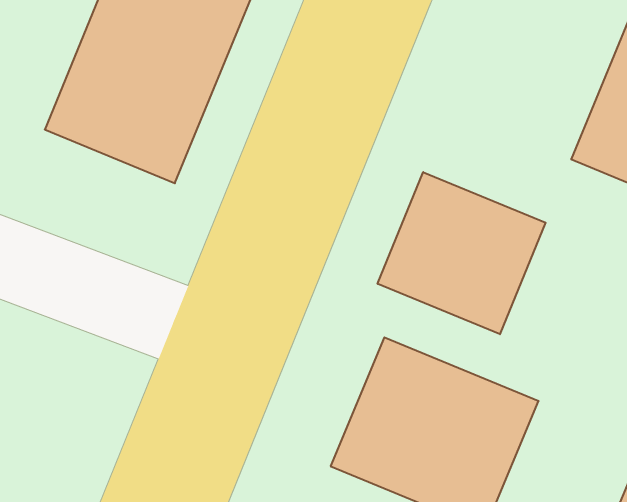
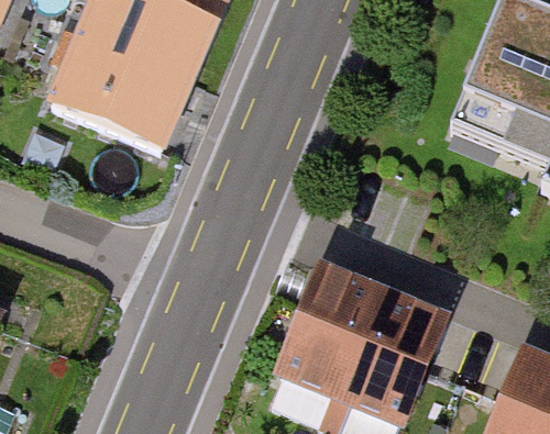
building: [378,172,546,334] -> none

